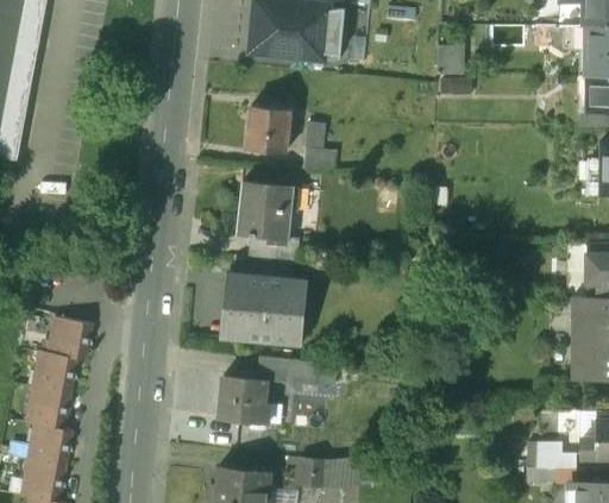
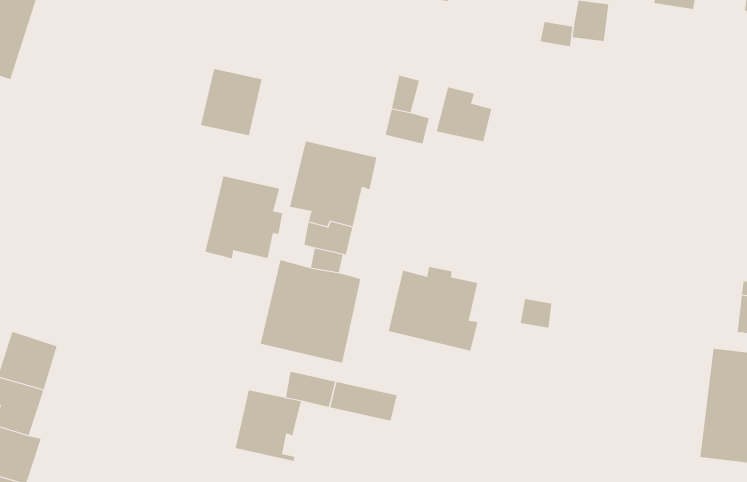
building: [246,107,289,155] -> [200,68,263,136]
building: none -> [436,87,492,142]
building: none -> [205,175,283,259]
building: none -> [388,266,478,351]
building: [39,317,90,360] -> none

